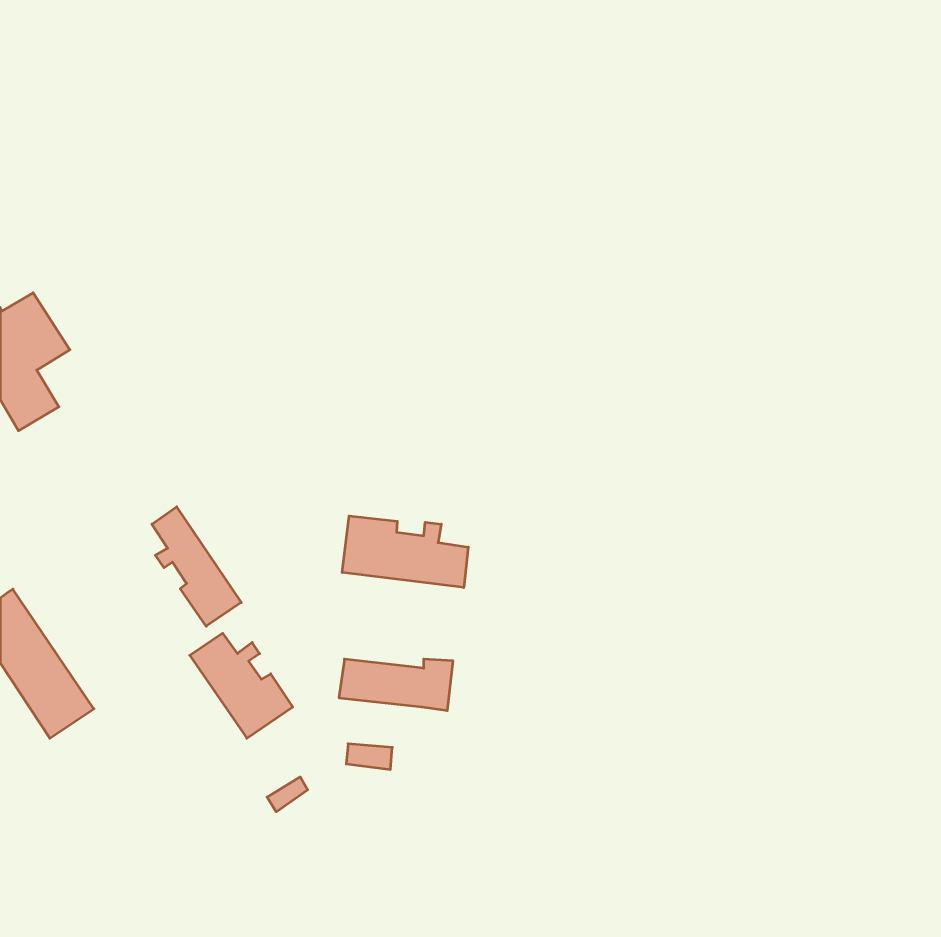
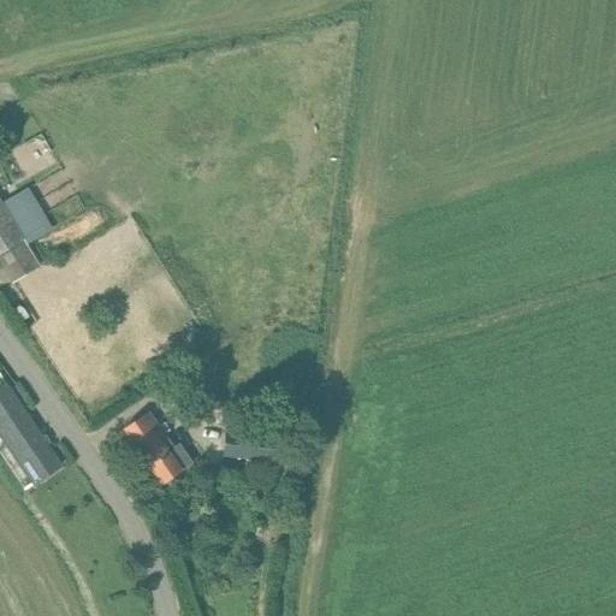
building: [152,507,241,626] -> none
building: [342,516,468,588] -> none

